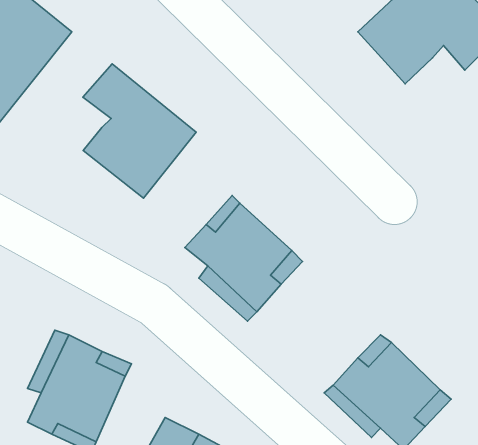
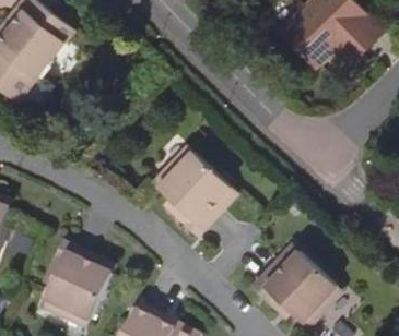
building: [83,64,196,198] -> none

